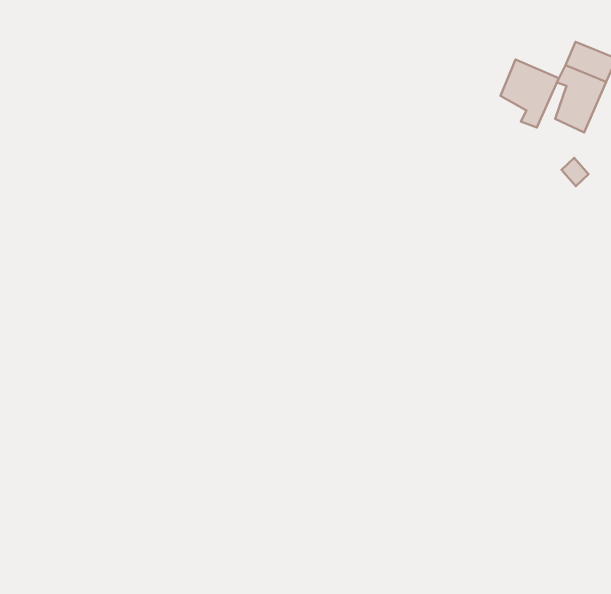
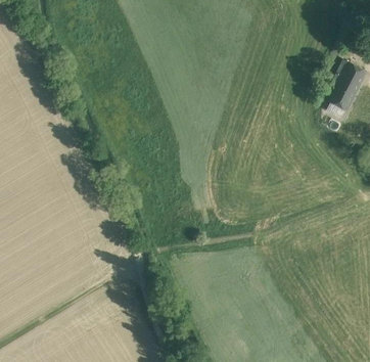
building: [501,59,559,127] -> none

